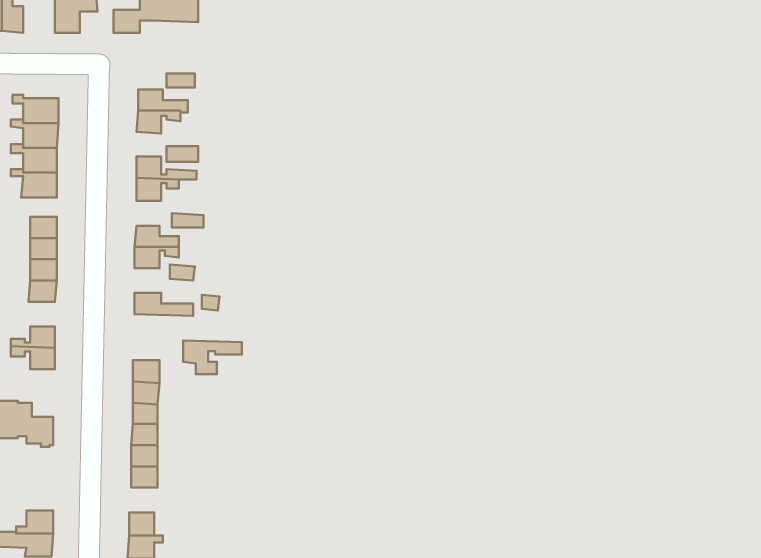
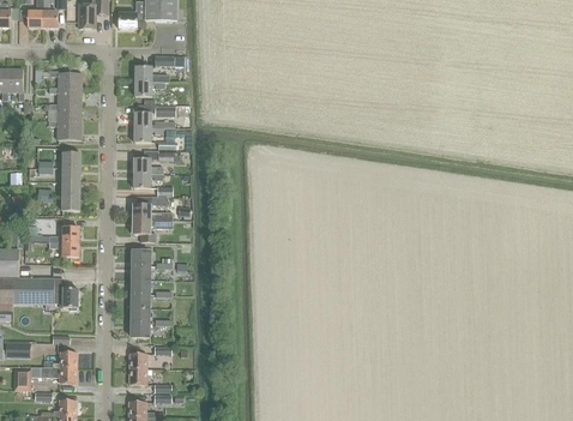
building: [183,340,242,374] -> [133,218,173,241]

